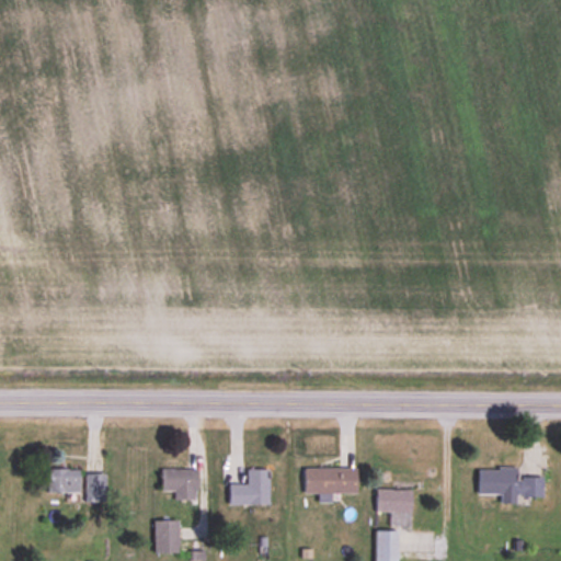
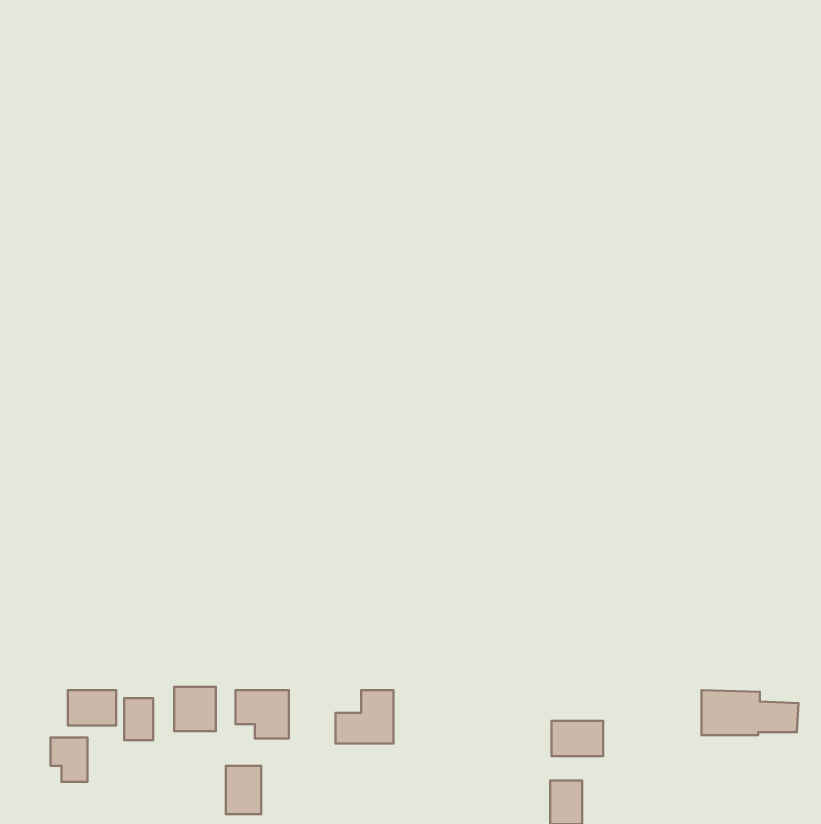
building: none -> [174,687,216,731]
building: [305,468,358,493] -> none
building: none -> [50,738,87,782]

